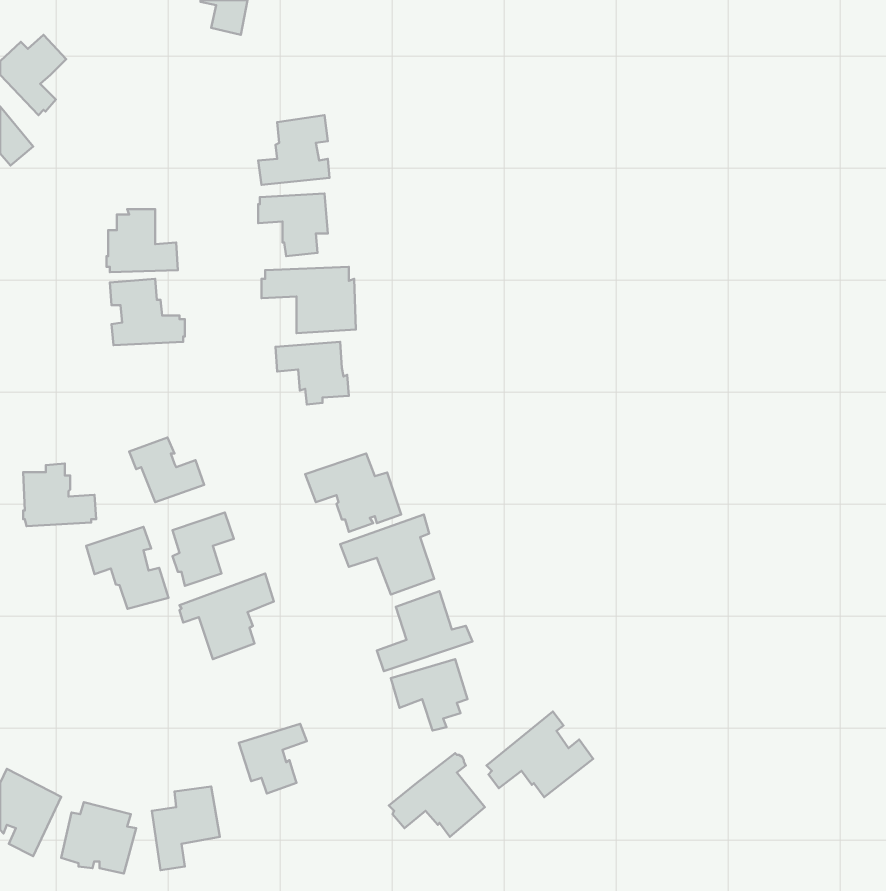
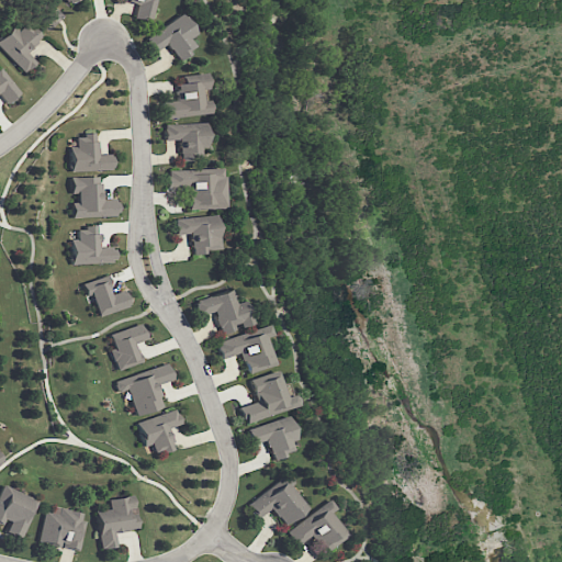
building: none -> [146,13,196,60]
building: [23,463,96,526] -> [72,225,119,265]
building: [86,527,168,609] -> none
building: [487,712,593,797] -> [291,499,358,553]
building: [239,724,307,793] -> [138,411,181,454]

